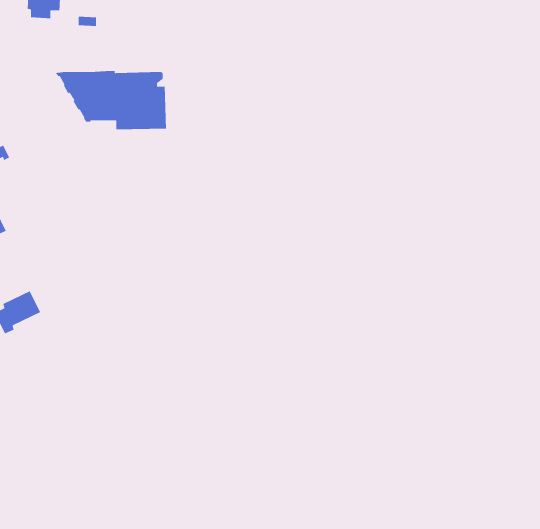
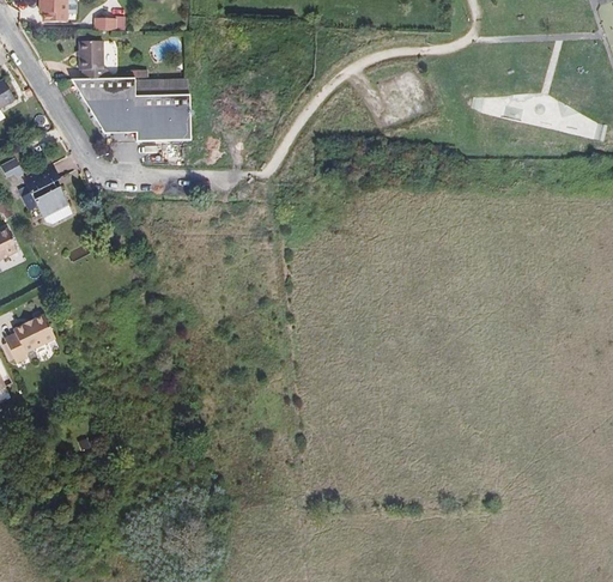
building: none -> [78,41,104,78]
building: none -> [31,180,68,217]

